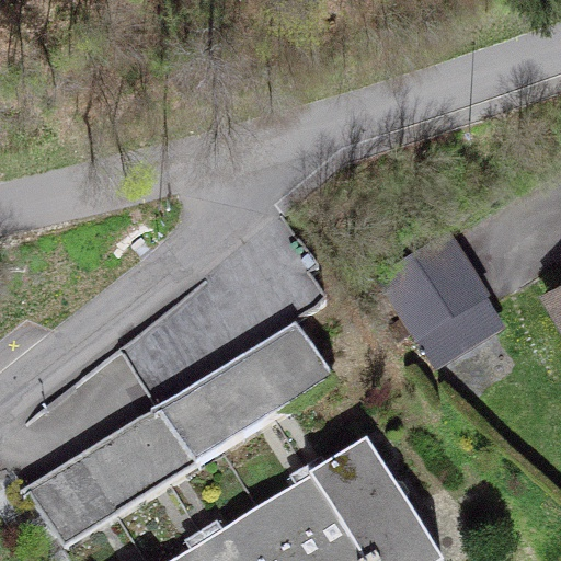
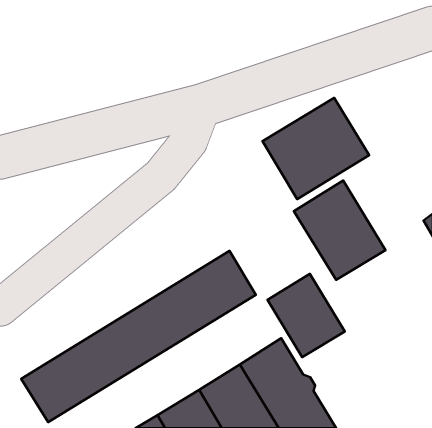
building: none -> [262,98,369,199]
building: none -> [268,274,345,357]

